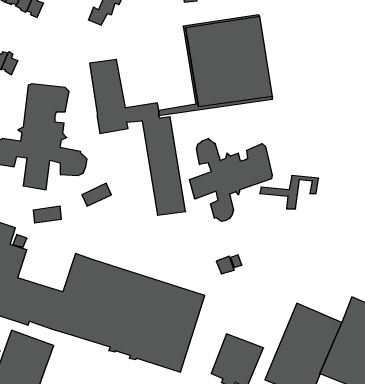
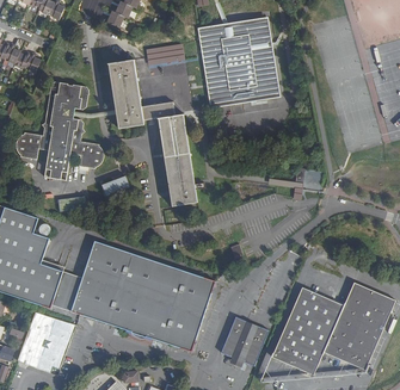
building: none -> [144,43,184,64]
building: [189,138,272,221] -> none

